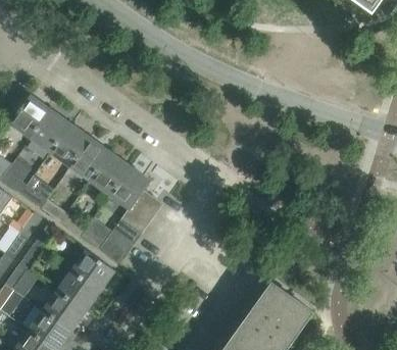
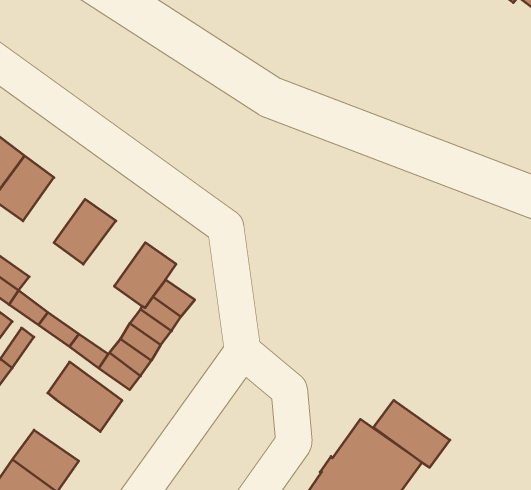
building: [49,123,90,166] -> none
building: [89,152,130,195] -> none
building: [56,269,100,310] -> none
building: none -> [374,400,450,467]

